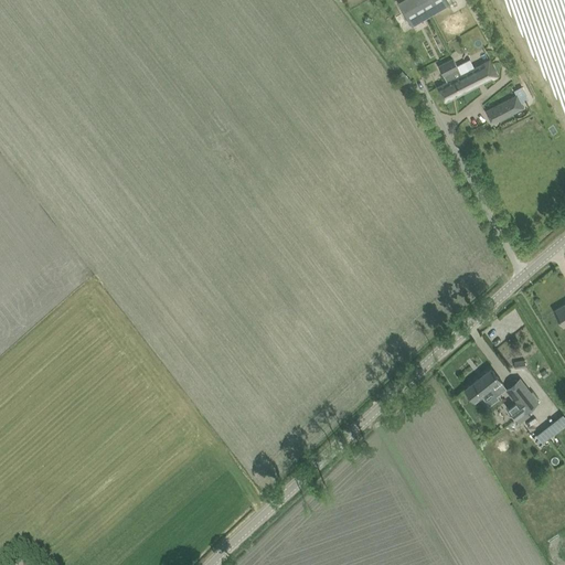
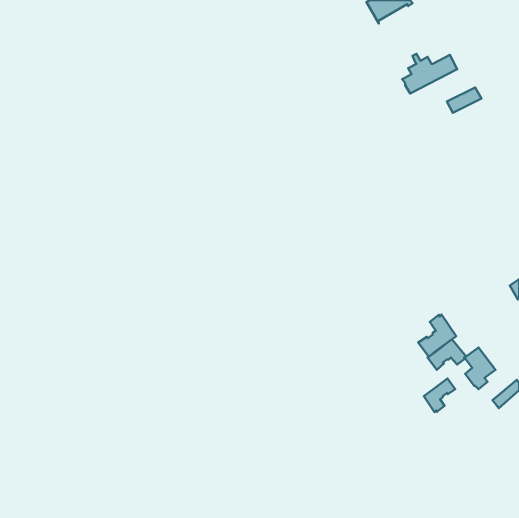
building: none -> [418,315,456,357]
building: none -> [424,378,455,412]

